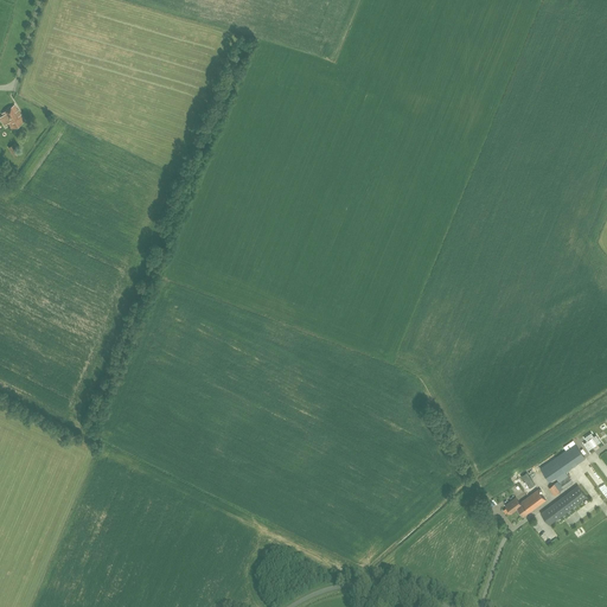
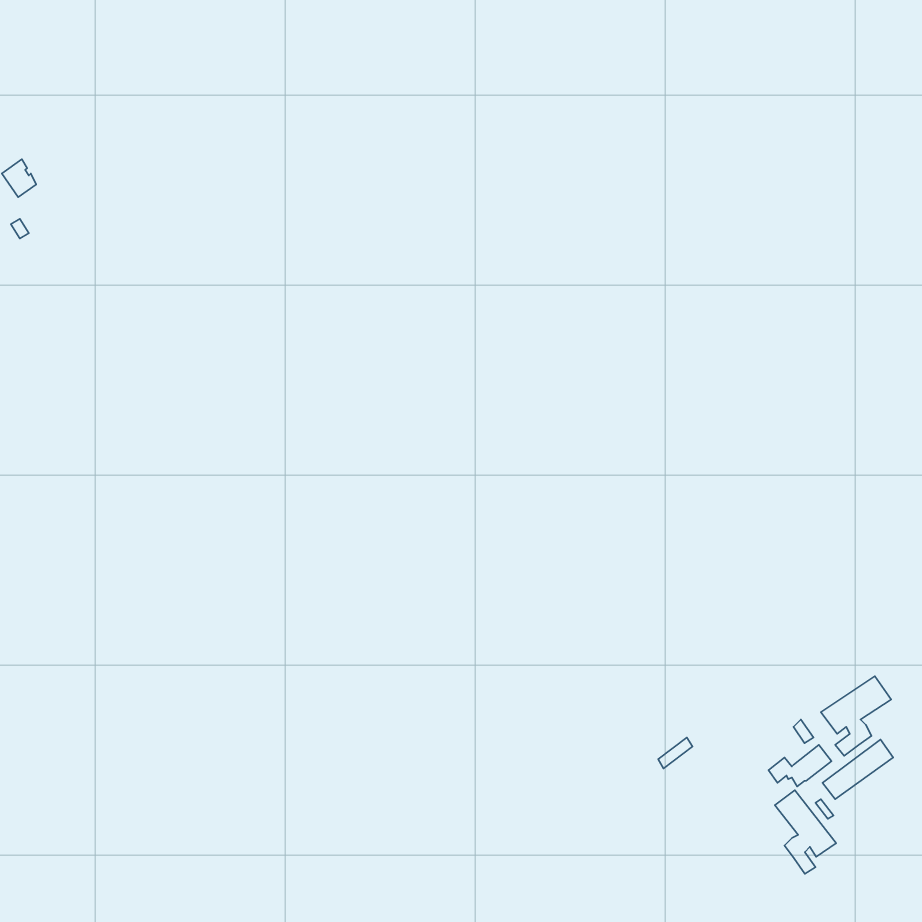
building: none -> [775,790,836,874]

